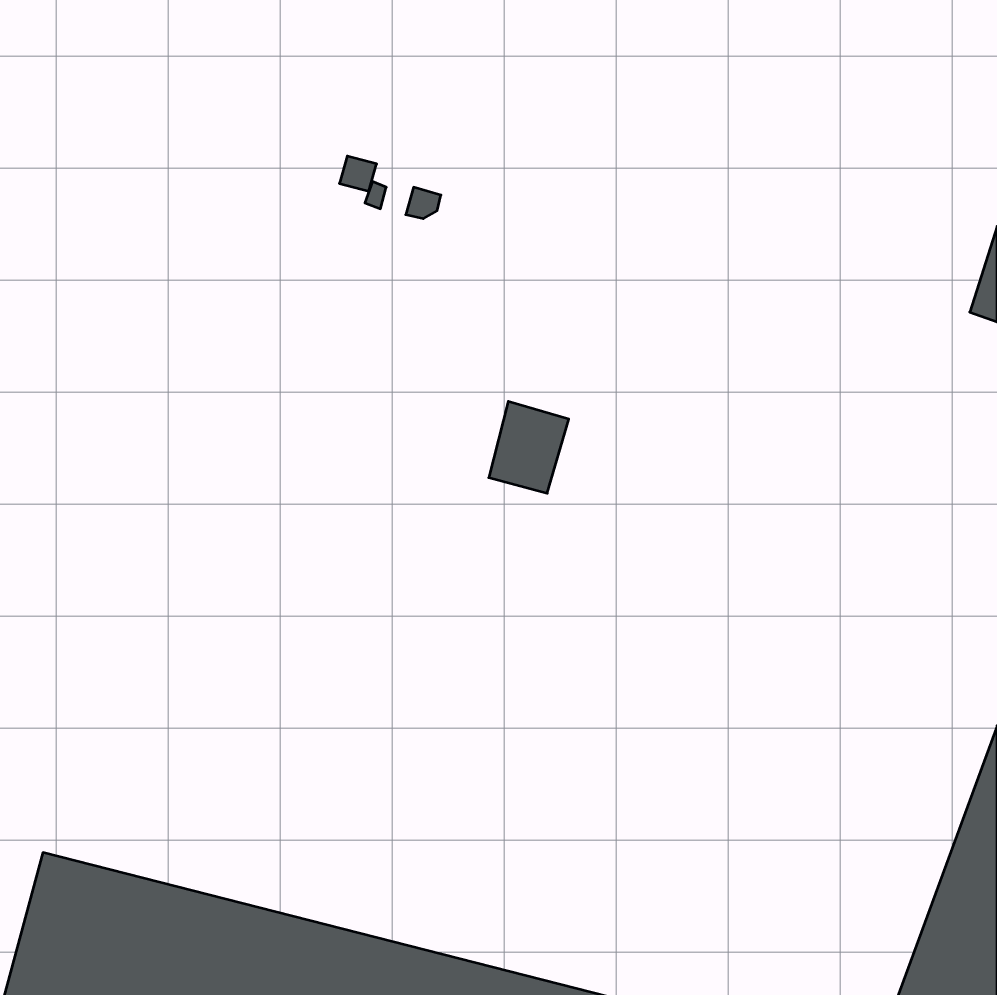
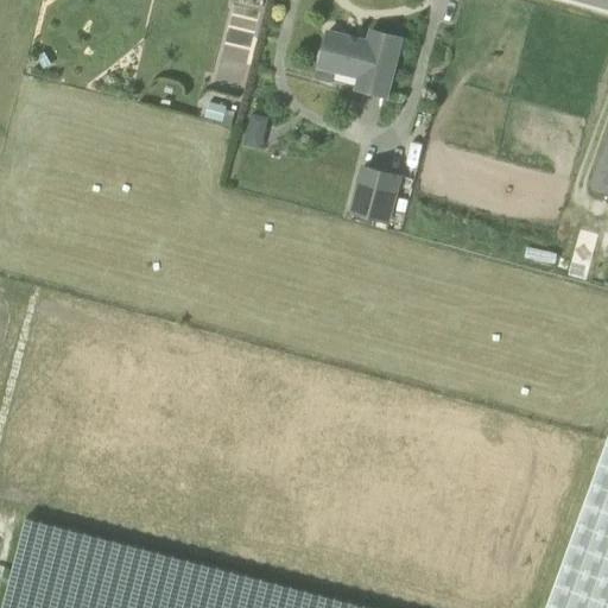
building: none -> [316,32,401,99]
building: [489,401,569,493] -> [352,169,400,224]

